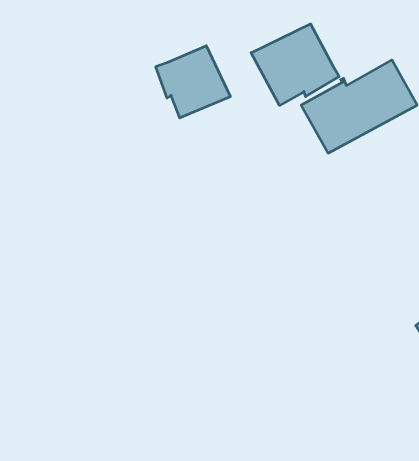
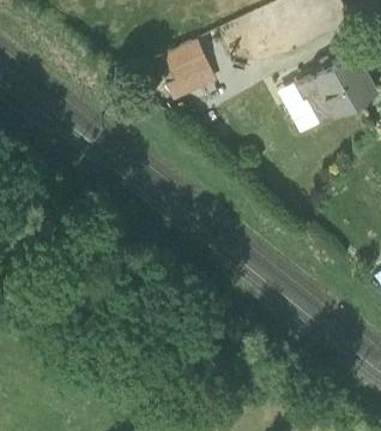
building: [251,24,339,105] -> none

